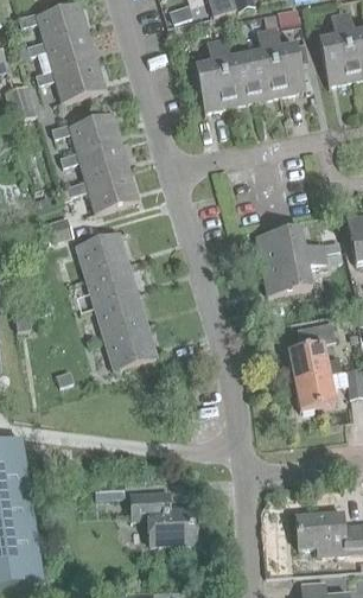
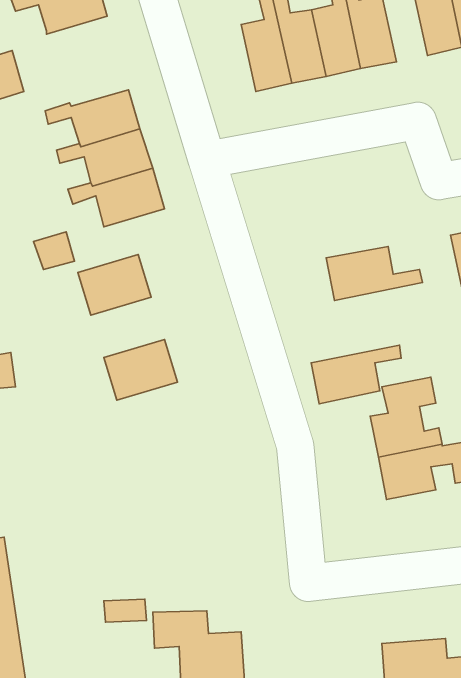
building: [36,58,106,101] -> none
building: [262,252,327,294] -> [311,345,401,404]
building: [85,262,139,306] -> none
building: [104,324,157,368] -> none

